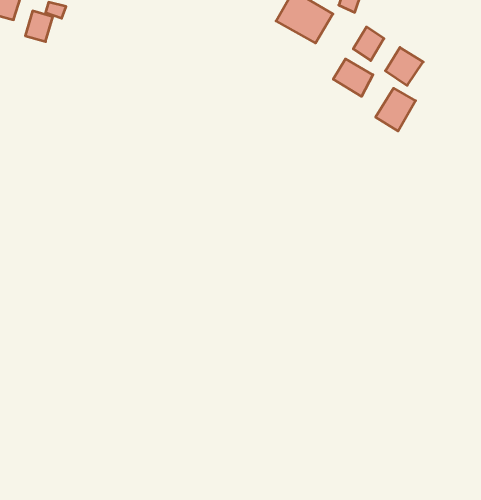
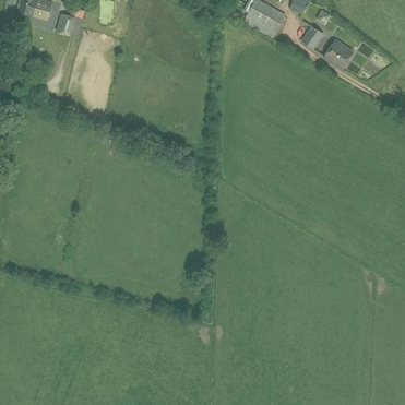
building: [333,59,373,96] -> none
building: [376,88,416,131] -> none

